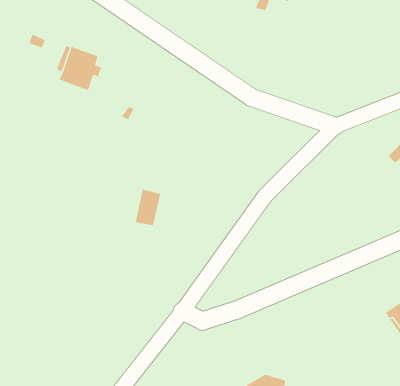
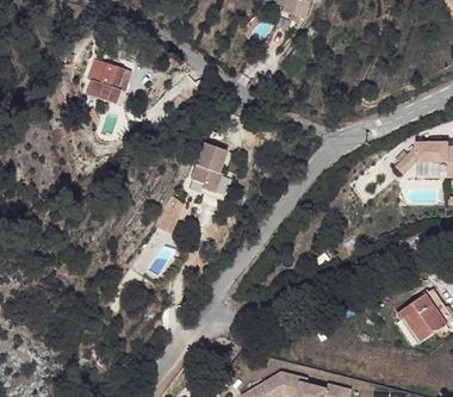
building: none -> [190,143,225,193]

